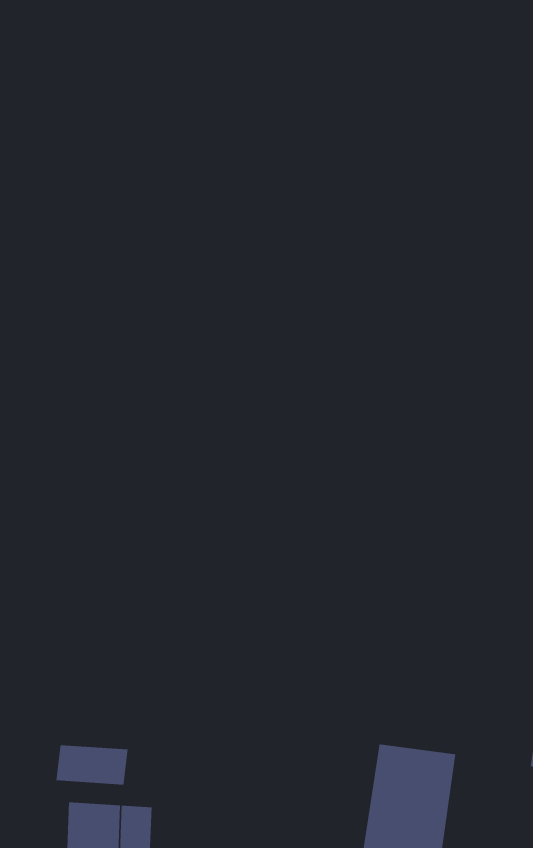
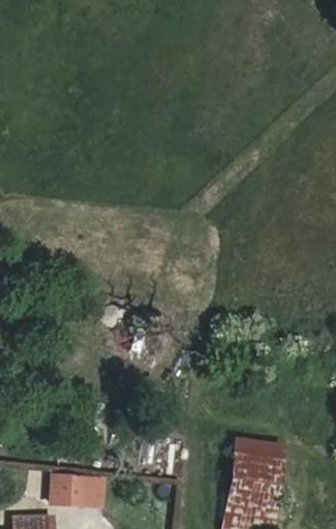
building: [56,744,128,785] -> none

